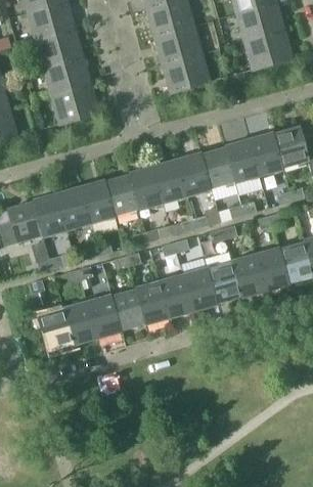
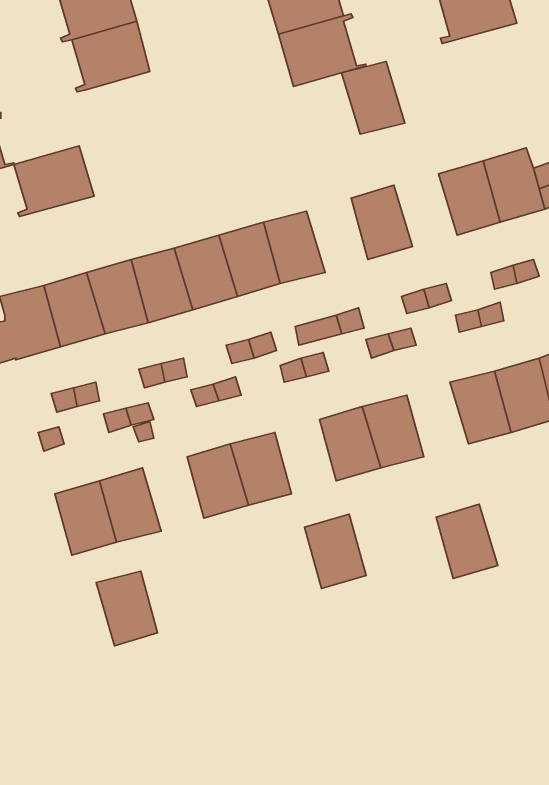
building: [54,85,98,124] -> [14,146,94,217]
building: [224,141,259,181] -> [342,62,405,134]
building: [176,154,210,195] -> none
building: [231,256,265,297] -> [436,504,498,579]
building: [159,276,192,317] -> [305,514,366,589]
building: [86,297,120,338] -> [96,571,157,646]

